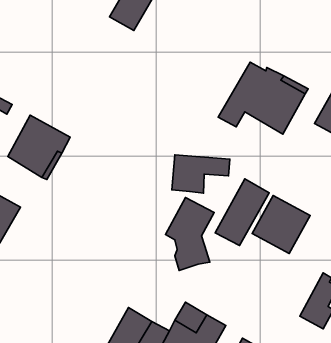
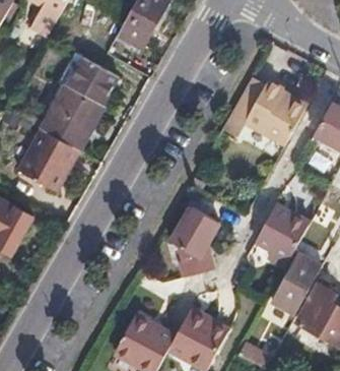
building: none -> [41,56,118,148]
building: [172,155,230,193] -> none
building: [215,179,269,246] -> [271,250,323,314]

